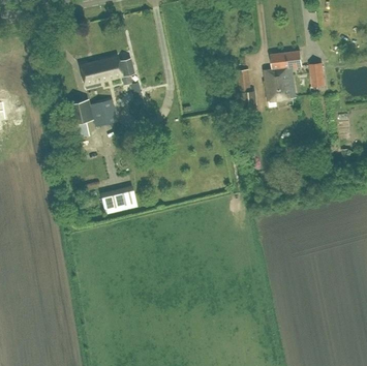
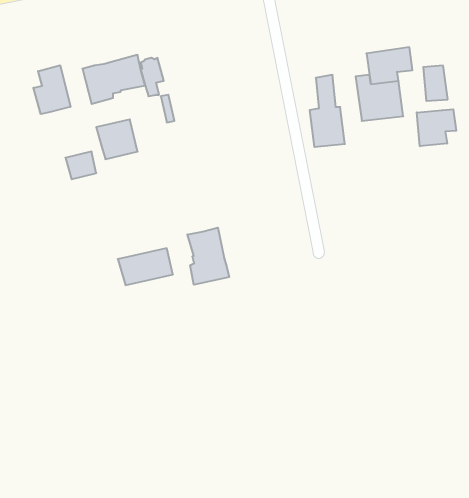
building: none -> [33,65,70,114]
building: none -> [417,109,456,146]
building: none -> [187,228,229,285]

